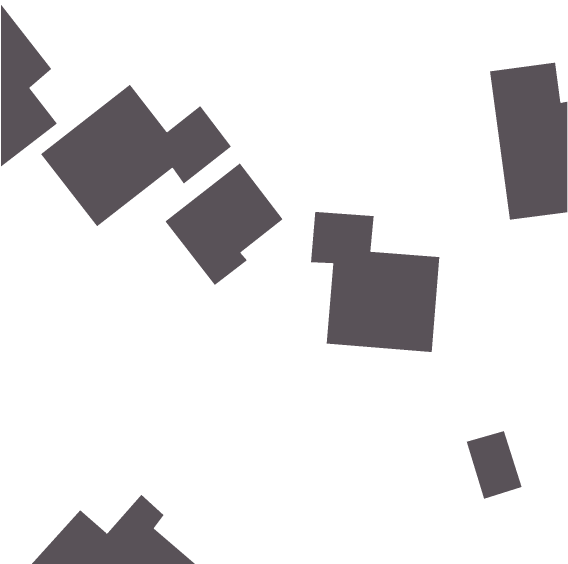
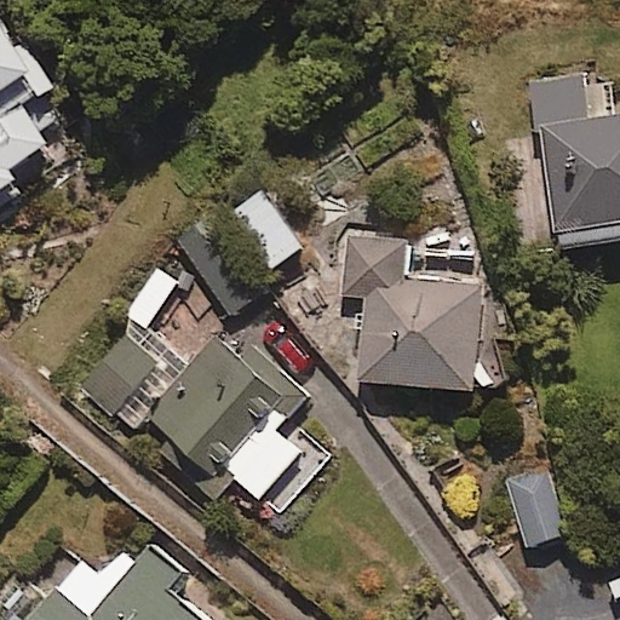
building: [40,84,232,227] -> none
building: none -> [87,315,326,511]

